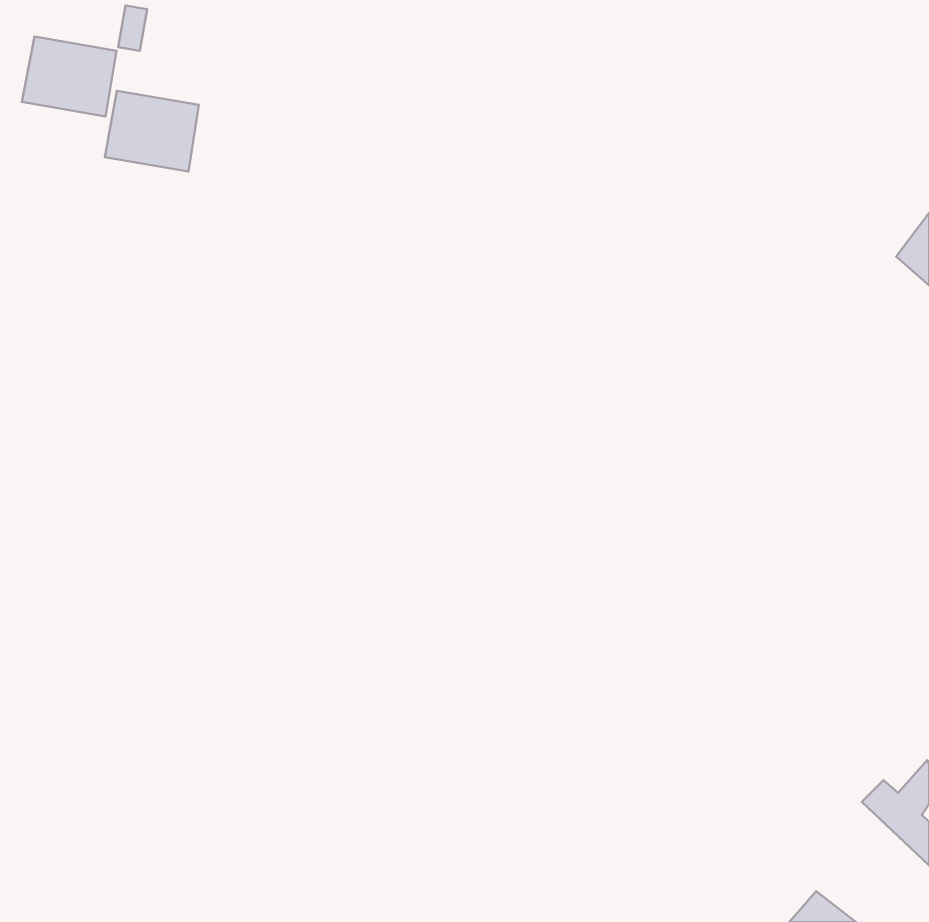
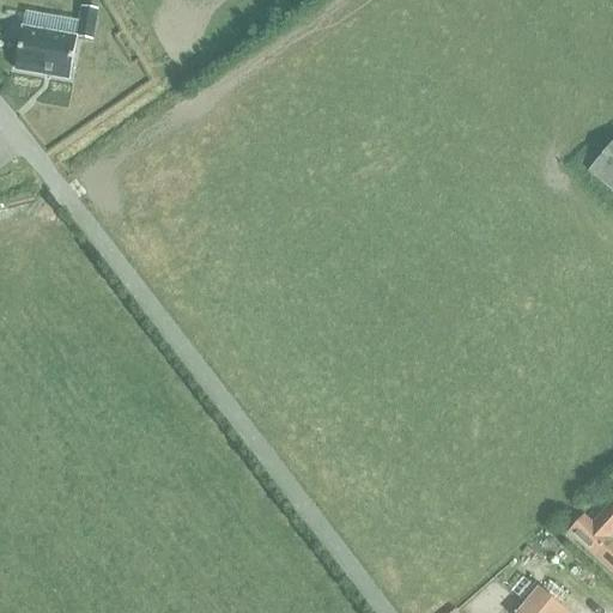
building: [105,91,199,172] -> none

